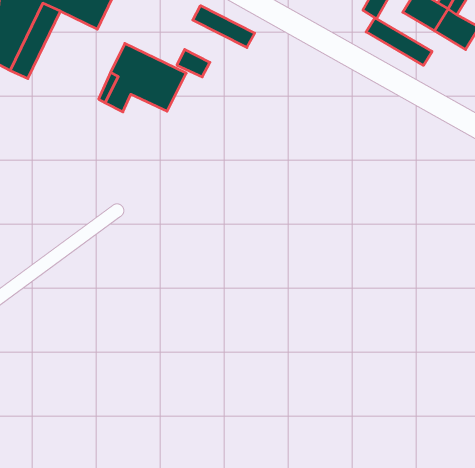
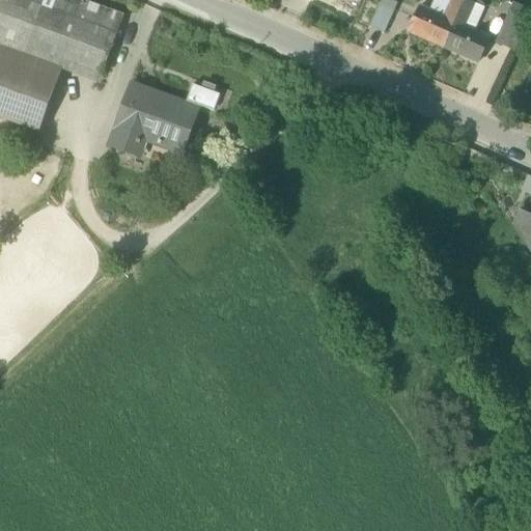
building: [193,6,255,48] -> none
building: [366,18,432,65] -> none

